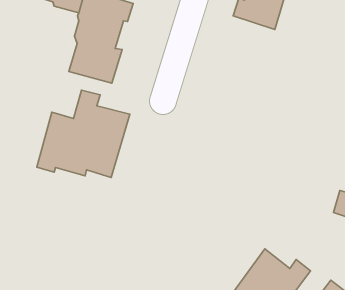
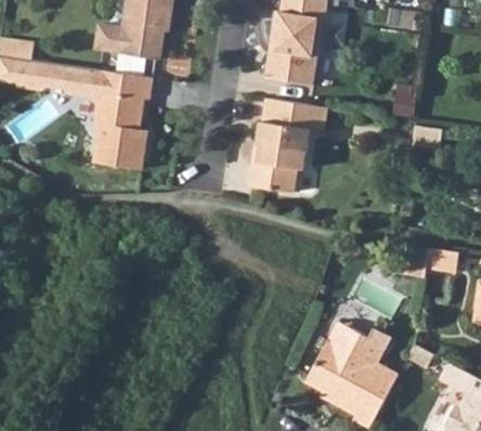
building: none -> [248,97,326,192]
building: [37,90,130,177] -> none

